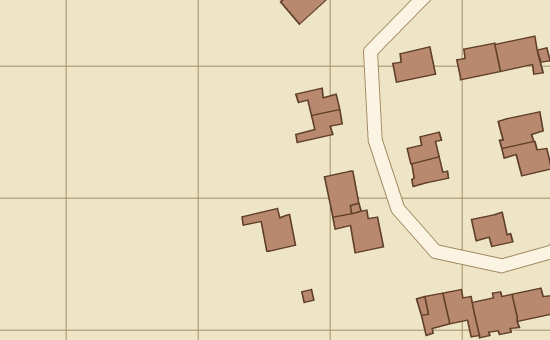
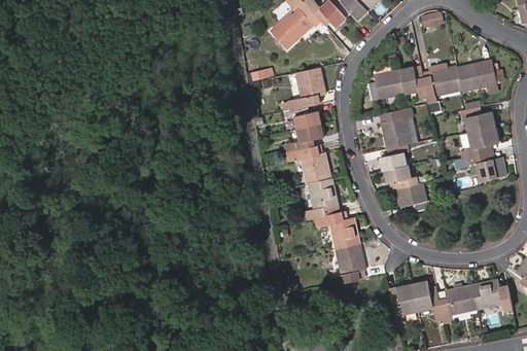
building: none -> [282,67,326,110]
building: none -> [399,67,428,105]
building: none -> [379,107,413,148]
building: none -> [459,107,495,132]
building: [242,208,295,251] -> [284,145,330,182]
building: [472,212,513,247] -> [396,181,432,211]
building: none -> [330,243,365,285]

